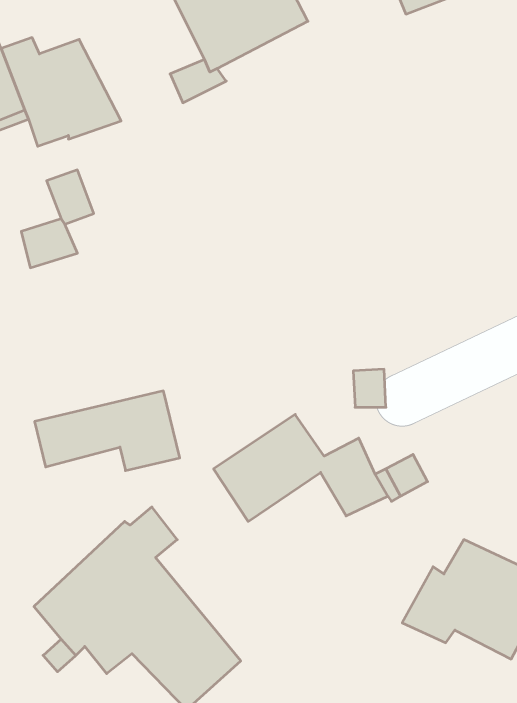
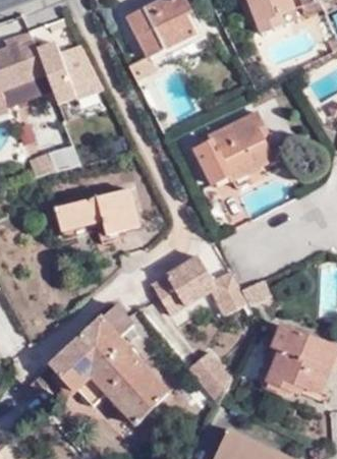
building: none -> [192,116,271,186]
building: [35,391,180,471] -> [57,192,138,237]
building: none -> [185,349,229,402]

